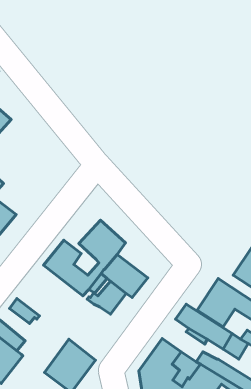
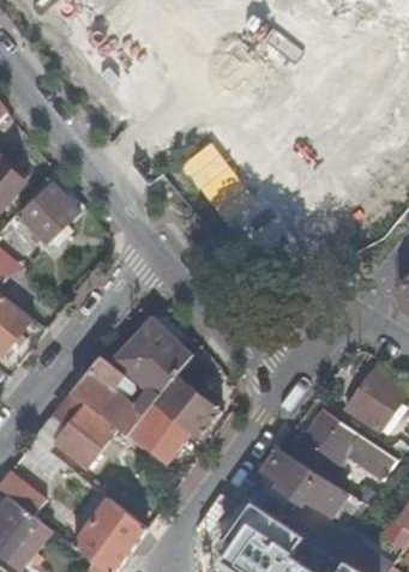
building: none -> [18,177,78,242]
building: none -> [55,391,116,466]

